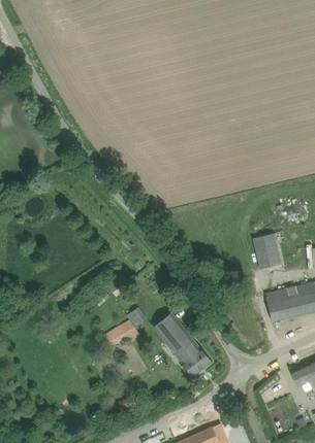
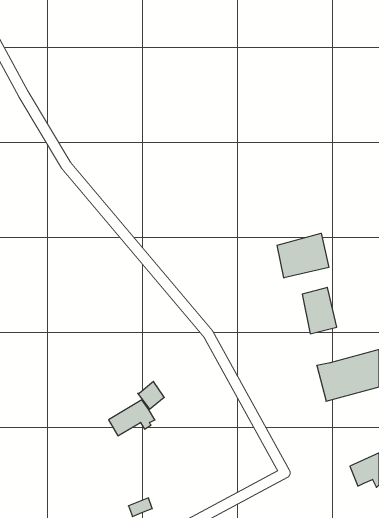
building: none -> [277,233,329,278]
building: [153,312,212,376] -> none

